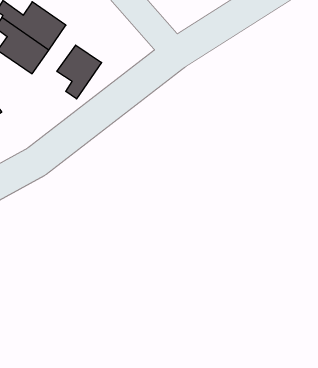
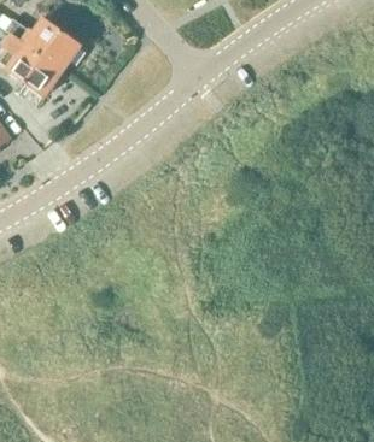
building: [57,45,102,99] -> none

